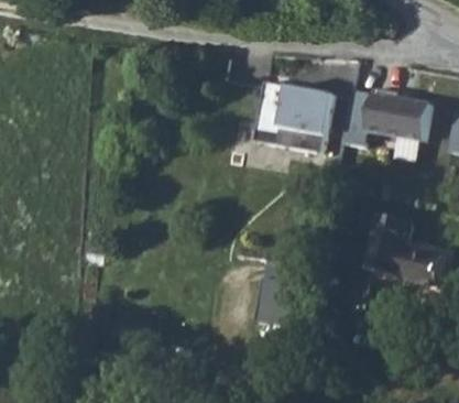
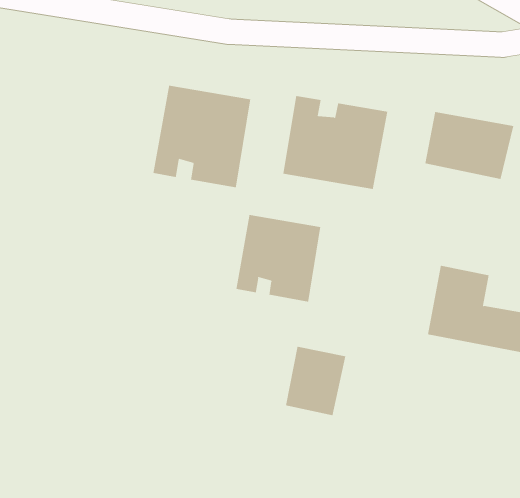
building: none -> [153,85,251,188]
building: none -> [236,214,321,302]

